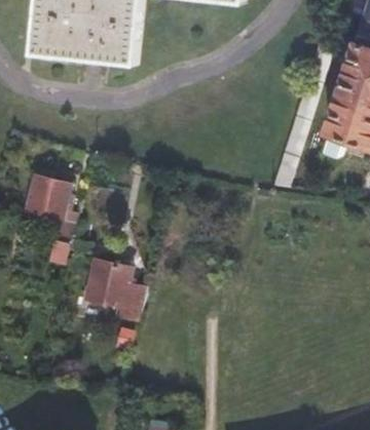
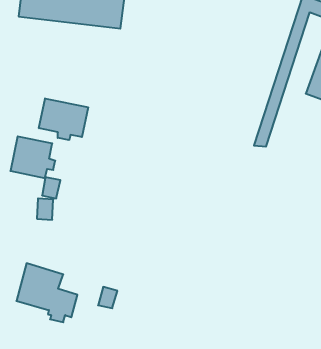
building: none -> [39,98,88,140]
building: [82,258,144,317] -> [16,263,77,322]

